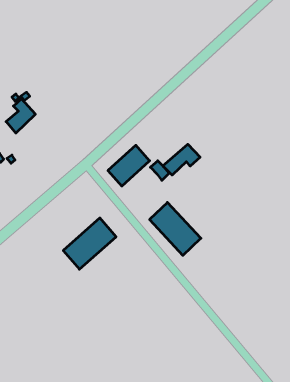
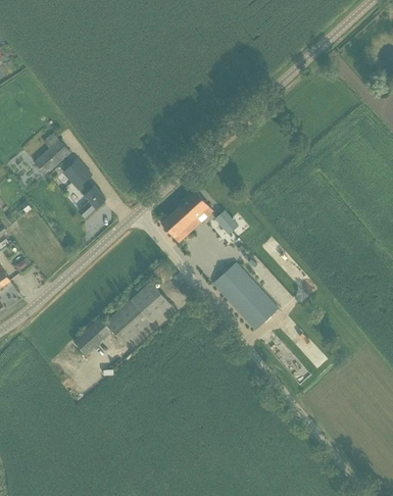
building: none -> [63,160,105,217]
building: [163,144,200,175] -> none
building: none -> [73,317,112,356]

